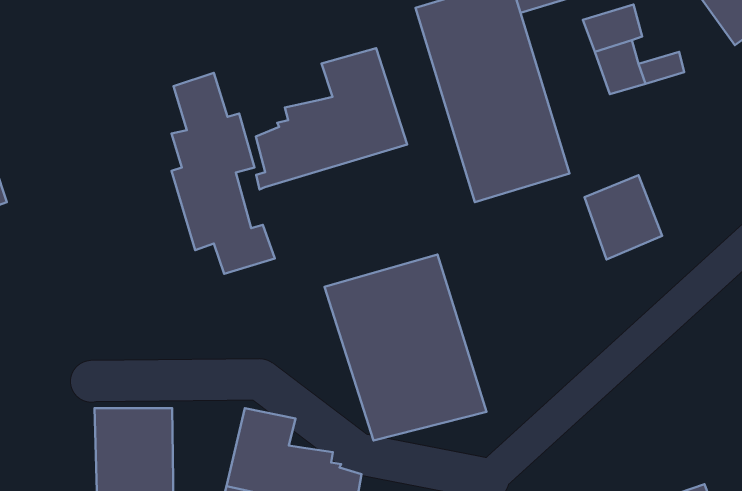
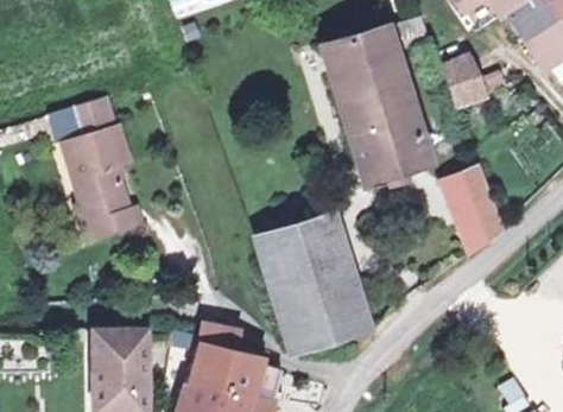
building: [256,48,407,189] -> none
building: [172,73,275,274] -> [71,95,144,236]
building: none -> [454,205,501,256]

